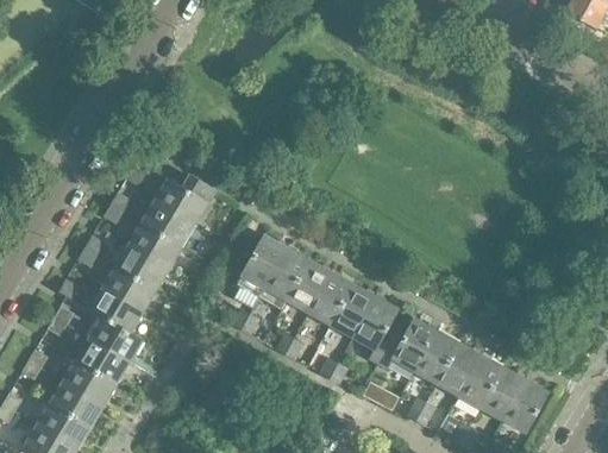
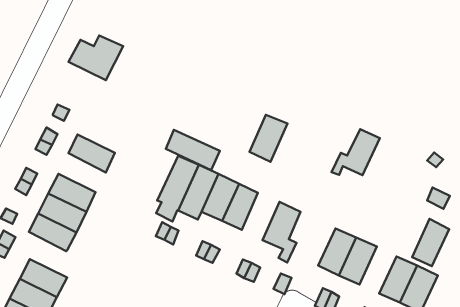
building: [152,176,215,227] -> [69,35,123,80]
building: none -> [166,130,220,170]
building: [127,224,181,270] -> none
building: [330,284,375,338] -> [250,115,288,162]
building: [88,316,142,364] -> none
building: [378,319,435,371] -> [332,129,380,175]
building: [458,354,502,408] -> [412,219,449,266]

